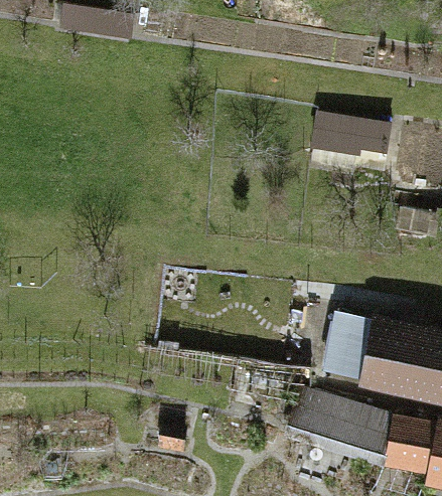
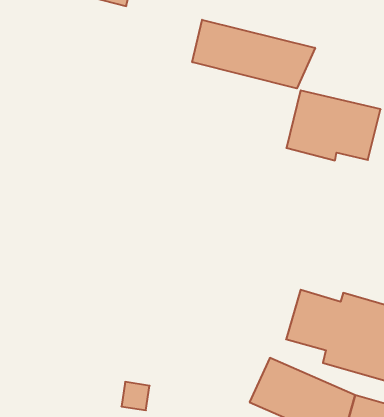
building: none -> [192,20,315,88]

